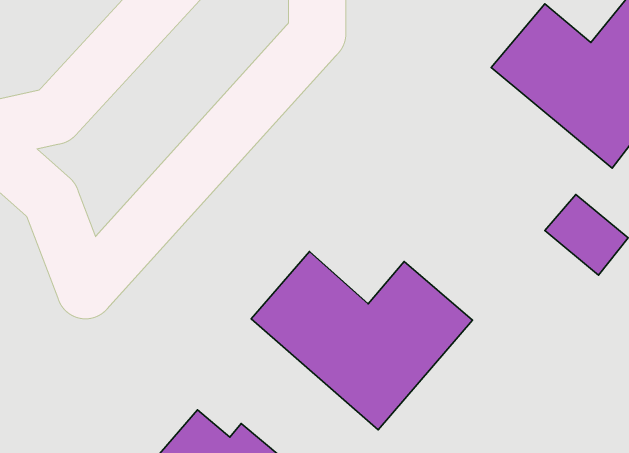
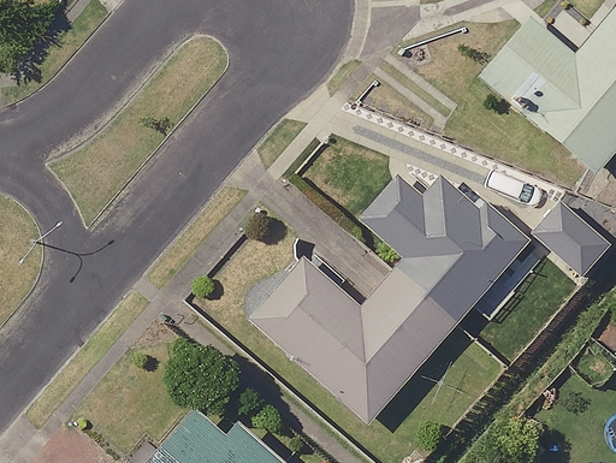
building: none -> [356,171,529,321]

